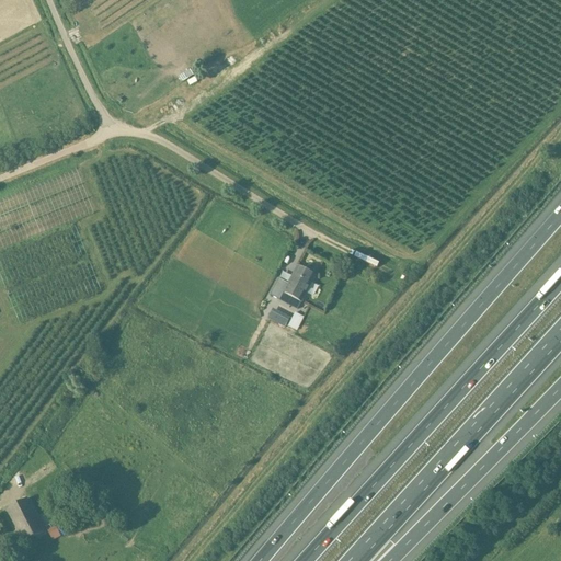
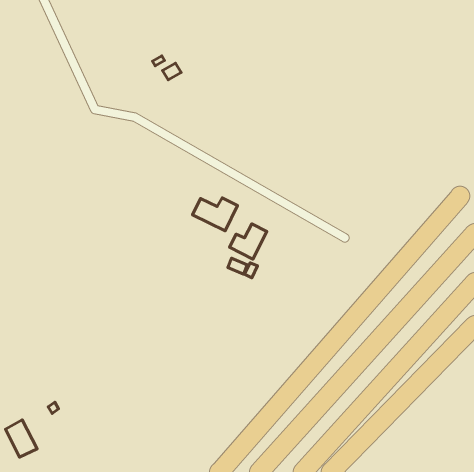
building: none -> [193,198,237,231]

